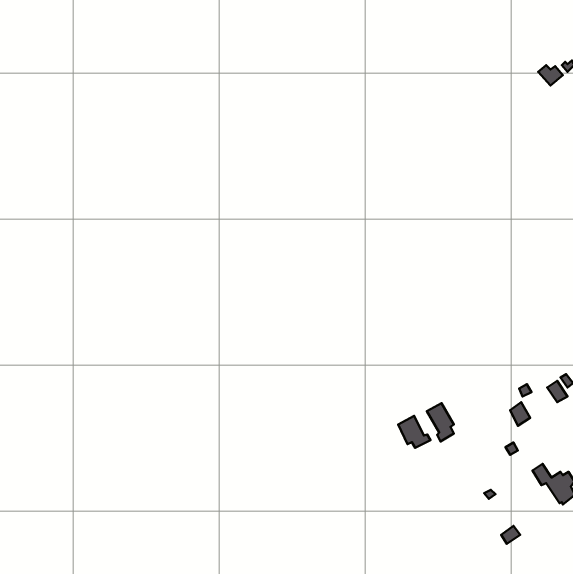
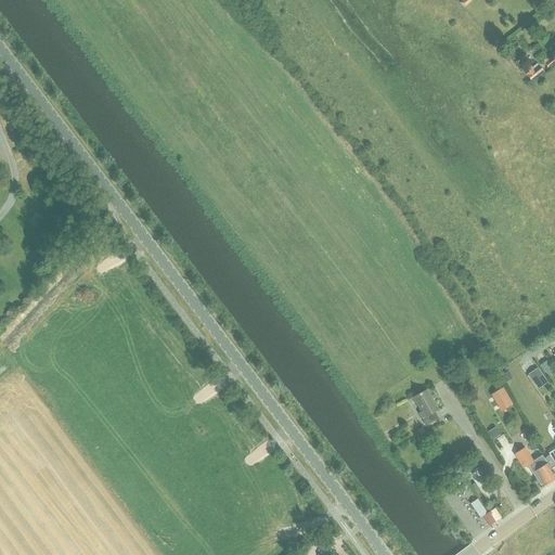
building: [398,416,431,448] -> none

